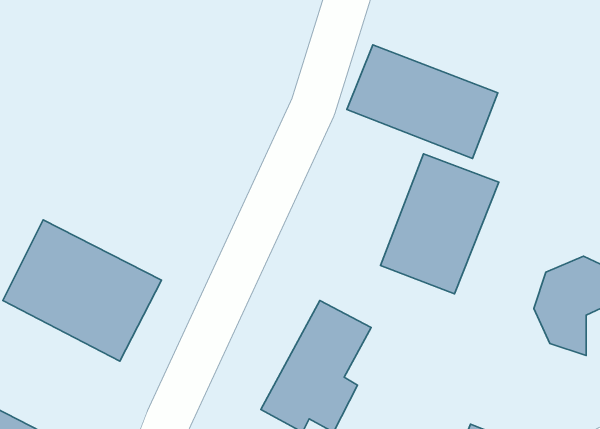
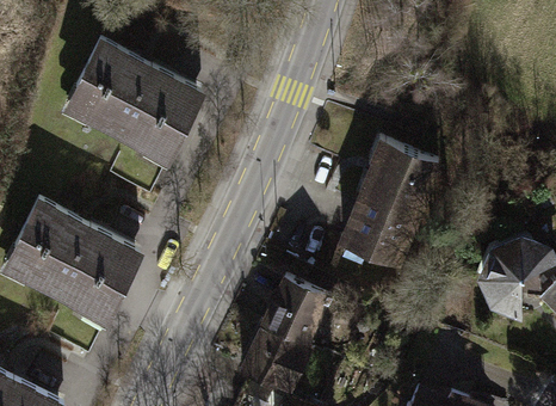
building: none -> [66,42,206,166]
building: [347,45,498,158] -> none

